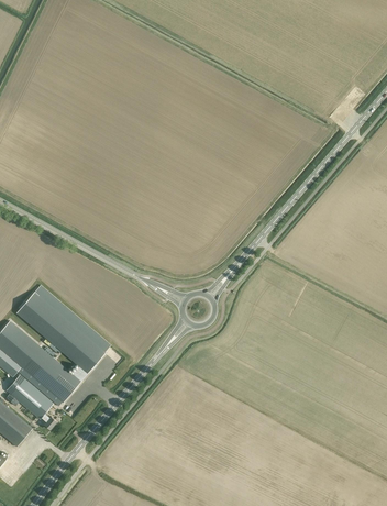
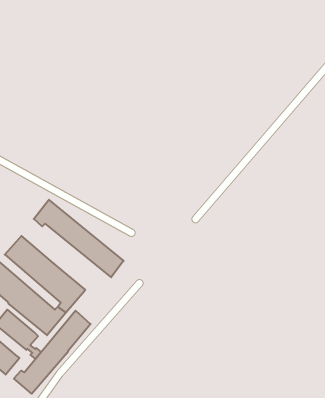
building: none -> [34,200,124,277]
building: none -> [14,311,91,394]

